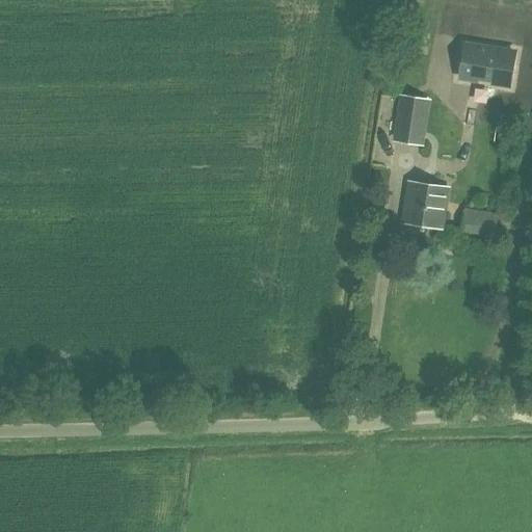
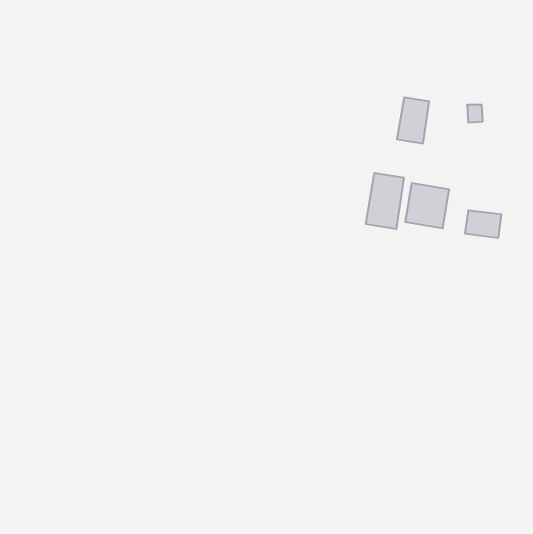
building: [458,44,513,84] -> none
building: none -> [366,173,404,229]

